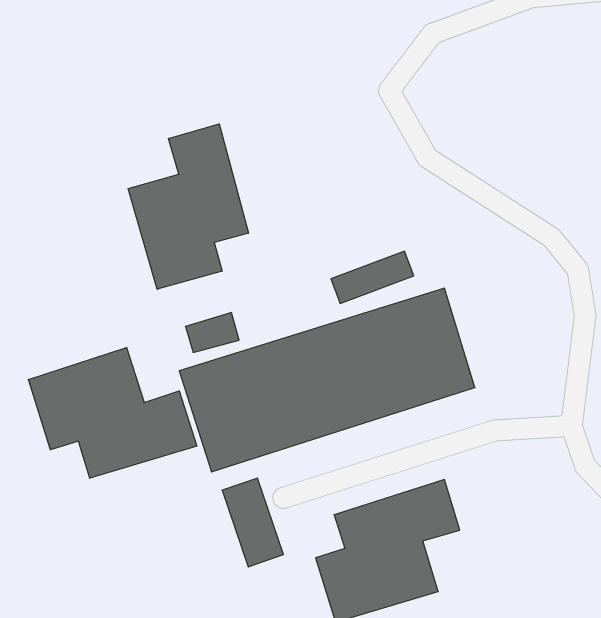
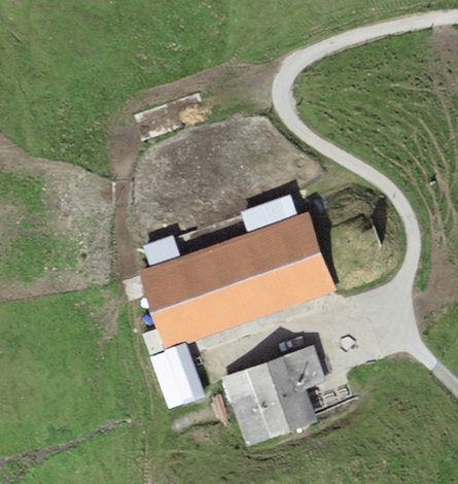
building: [128,124,248,289] -> none
building: [28,347,197,478] -> none

